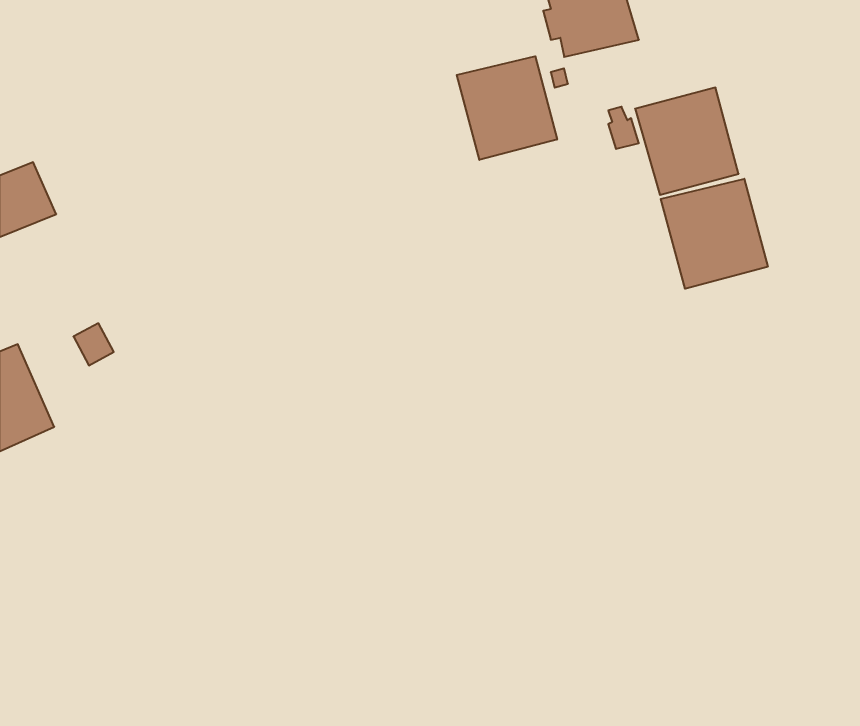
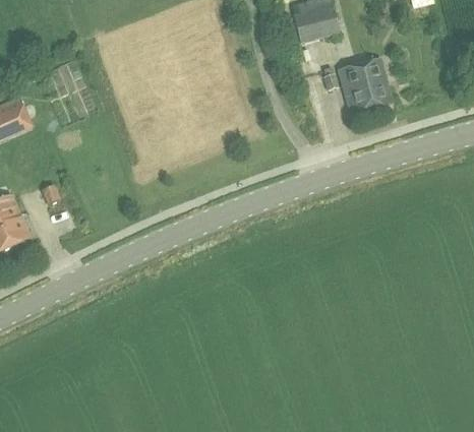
building: [457,56,557,160] -> none
building: [661,179,768,289] -> none

